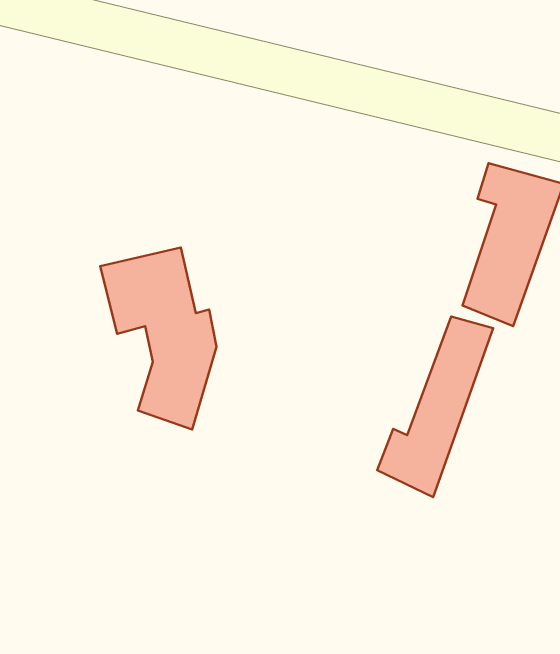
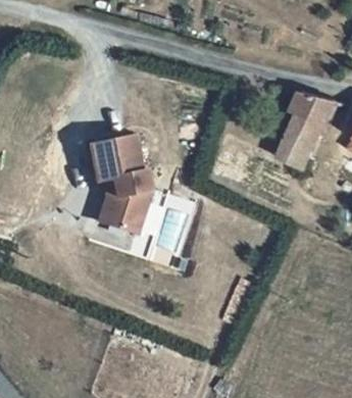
building: [377,316,493,497] -> none

